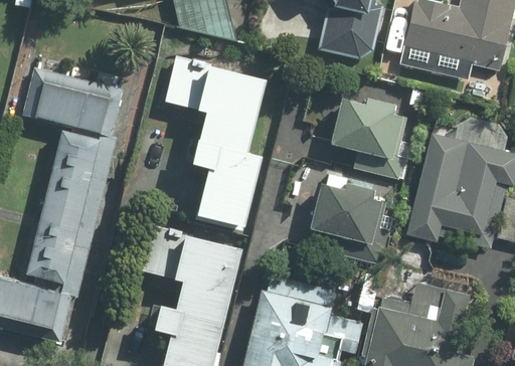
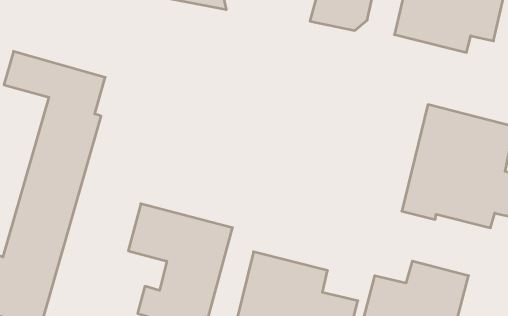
building: [164,54,266,228] -> none
building: [328,98,417,180] -> none
building: [310,169,394,246] -> none

